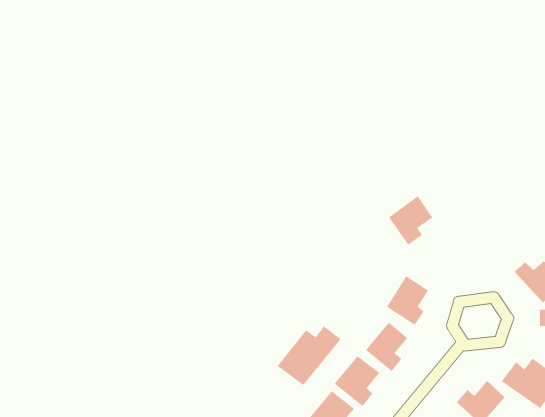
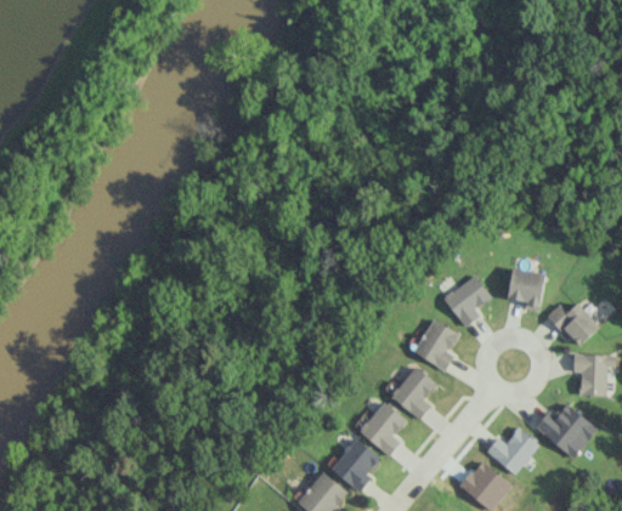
building: [388,195,433,245] -> [443,274,491,327]
building: none -> [507,267,545,311]
building: [277,325,342,386] -> none

